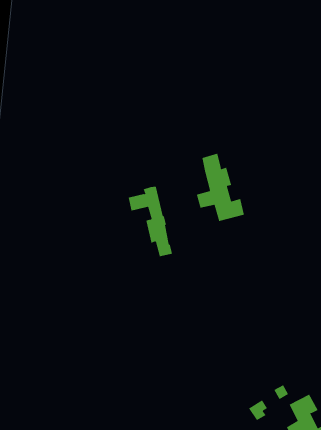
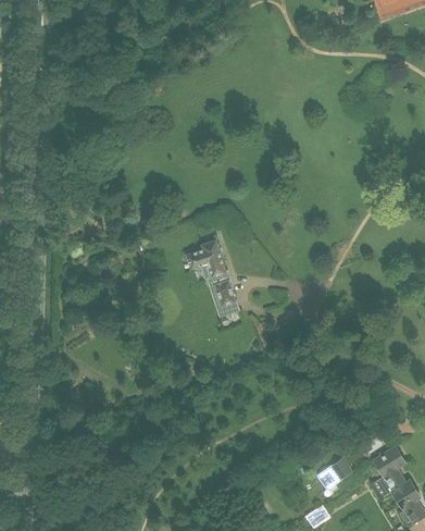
building: [196,153,244,222] -> none

